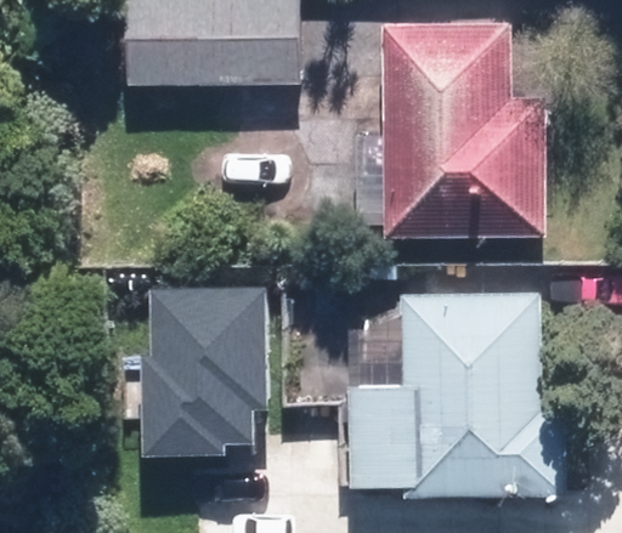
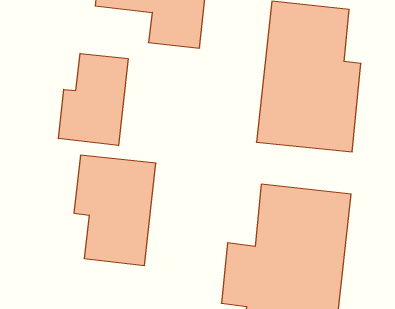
building: none -> [58,53,128,146]

